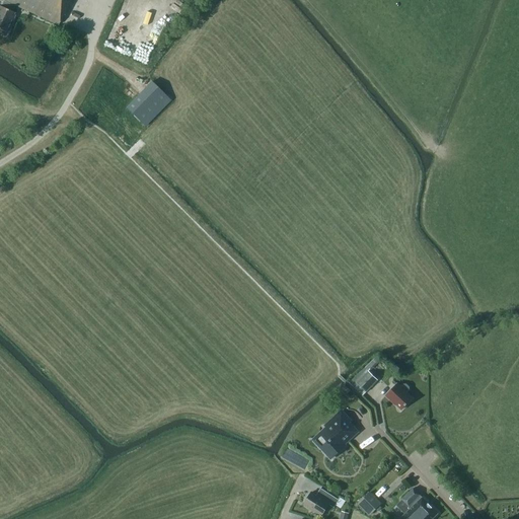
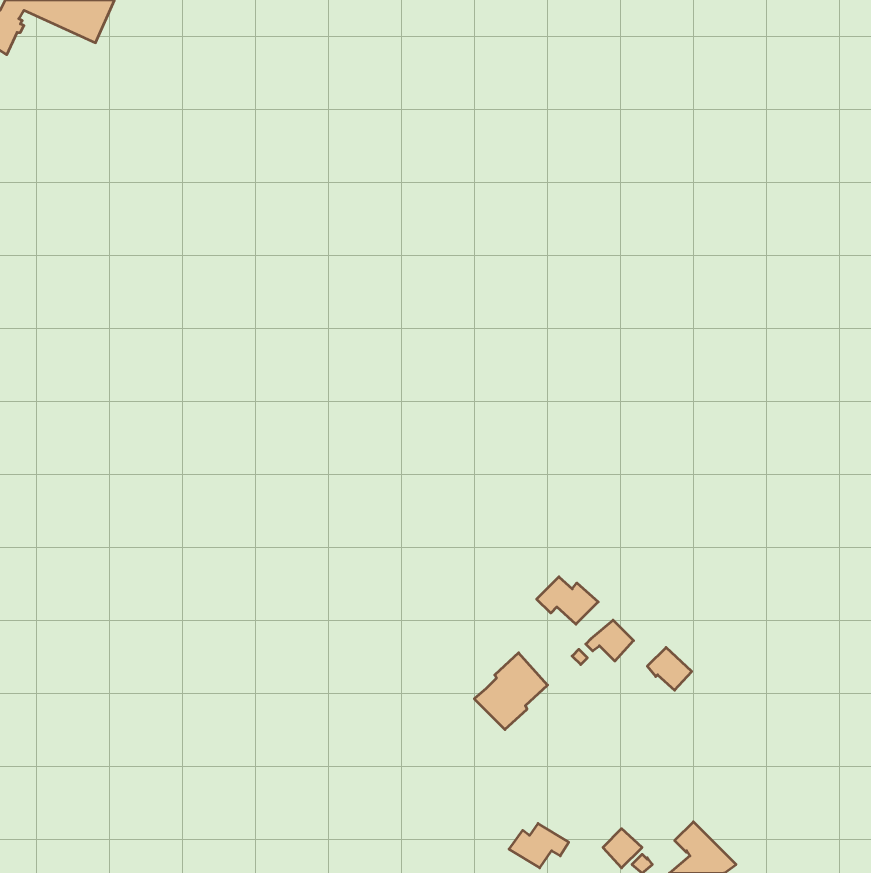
building: [126,81,169,125] -> none
building: none -> [537,577,598,624]
building: [312,413,356,458] -> [474,653,548,730]

